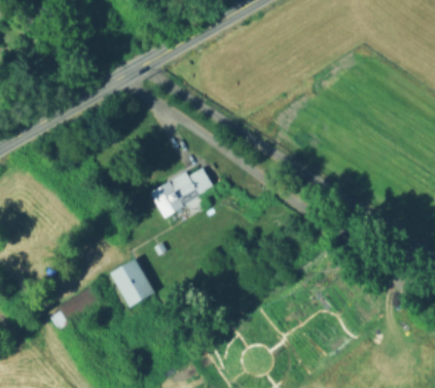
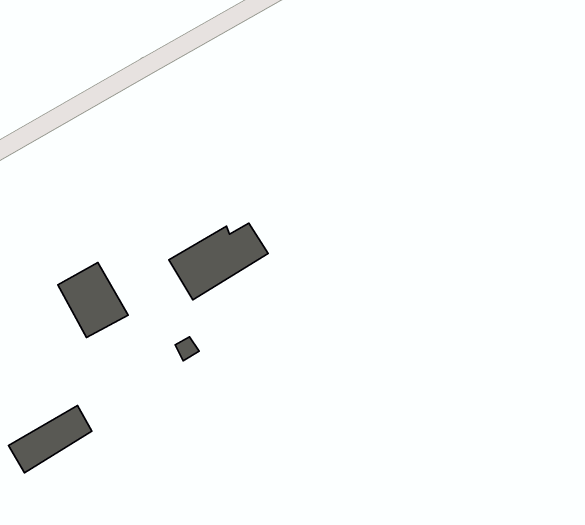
building: [111,260,156,309] -> [58,262,128,338]

